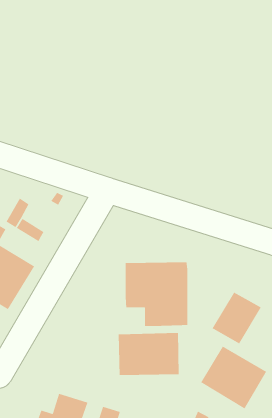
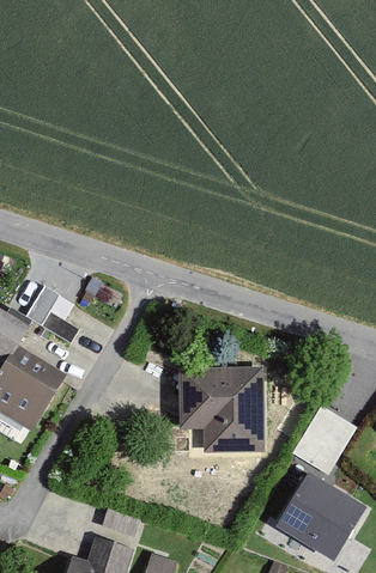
building: [118,332,179,376] -> none

